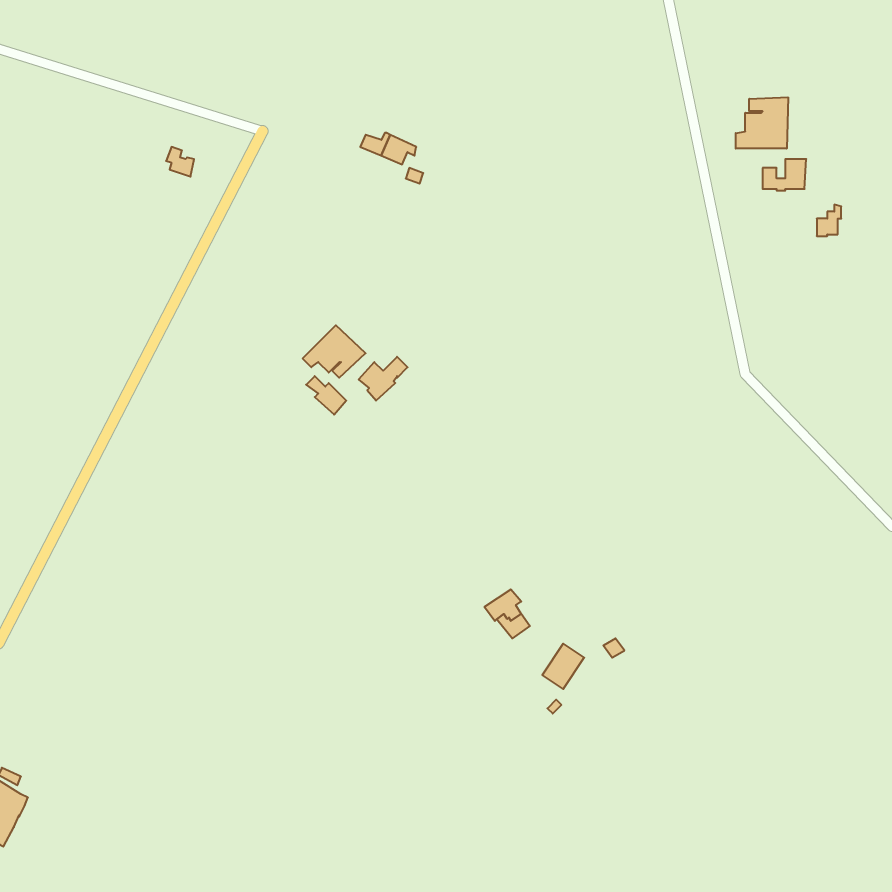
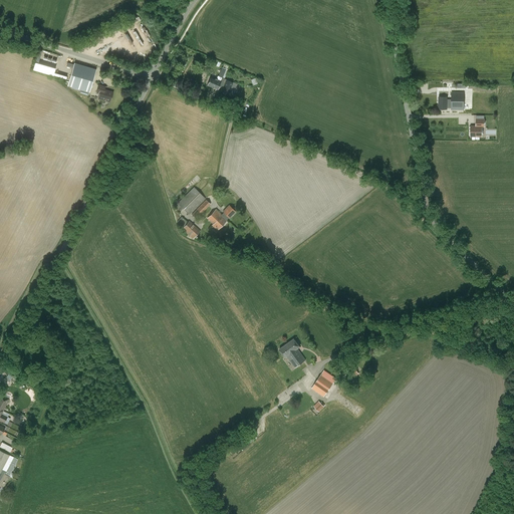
building: [736,97,788,149] -> none
building: none -> [68,64,94,94]

